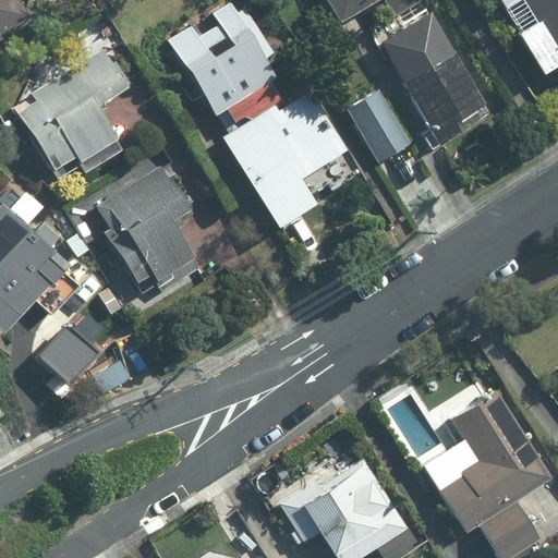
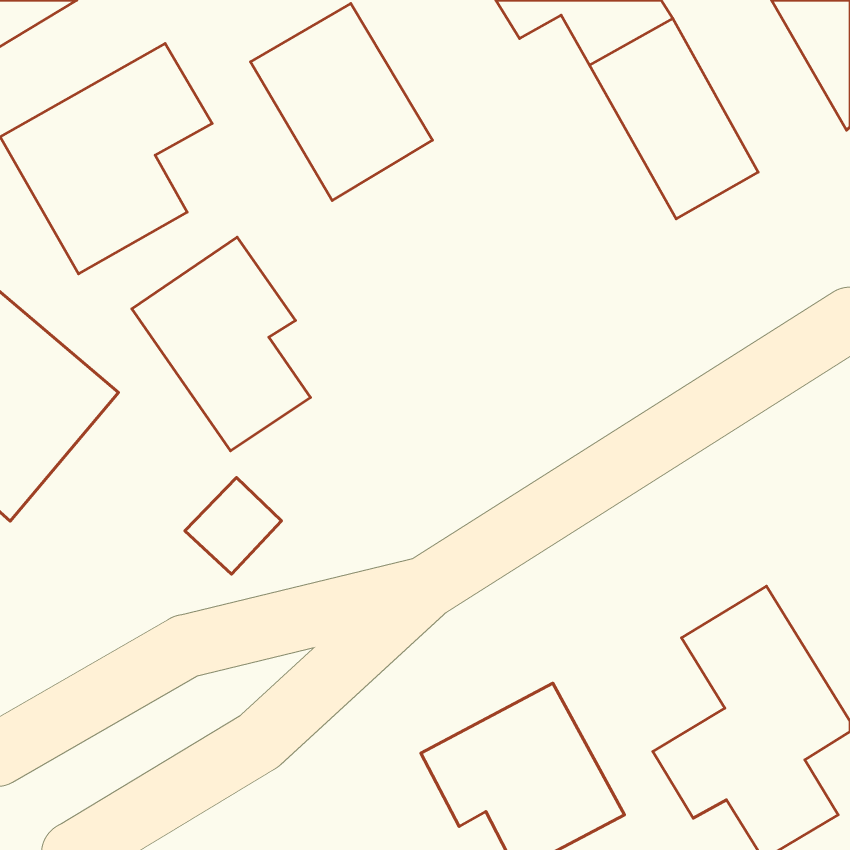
building: [338,75,410,165] -> none
building: [217,80,365,232] -> none
building: [33,325,96,388] -> [185,477,282,574]

